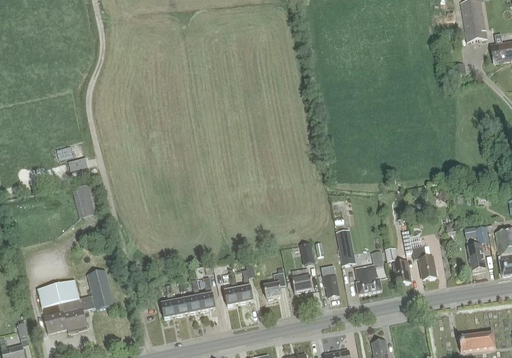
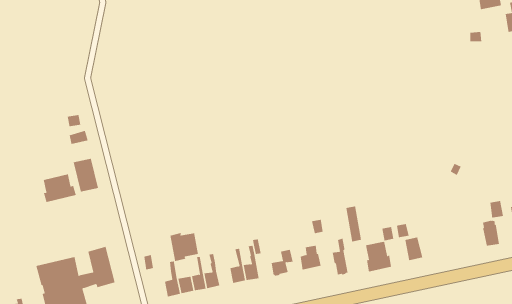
building: none -> [43,173,77,203]
building: [402,231,436,278] -> none
building: none -> [170,232,199,262]

